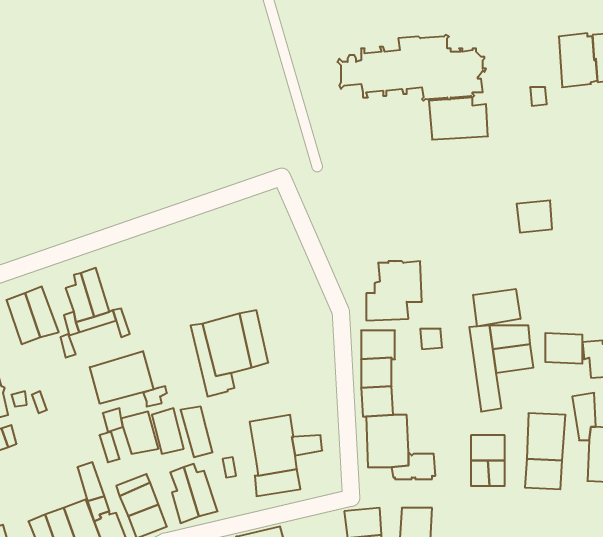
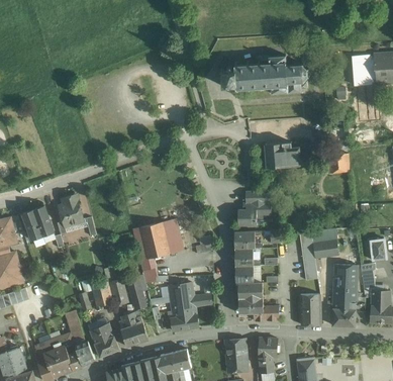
building: [429,97,488,140] -> [265,141,300,167]
building: [473,289,520,326] -> none
building: [545,333,582,364] -> [334,264,357,282]
building: [90,351,153,404] -> none

